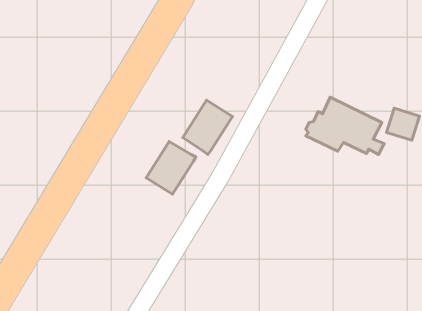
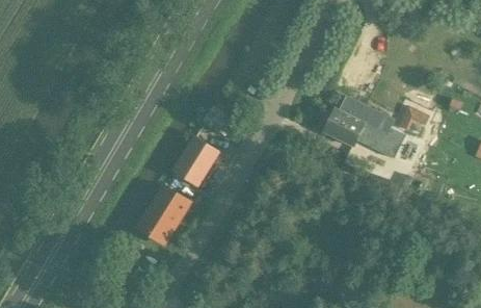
building: [183,100,232,155] -> none
building: none -> [138,185,191,245]

